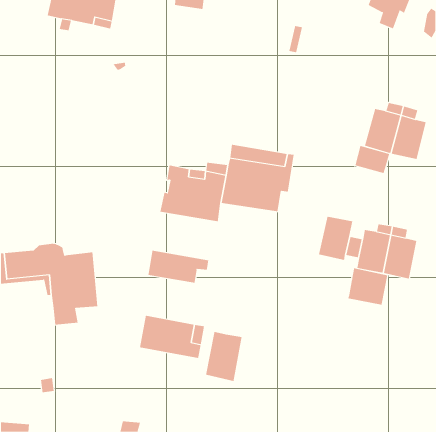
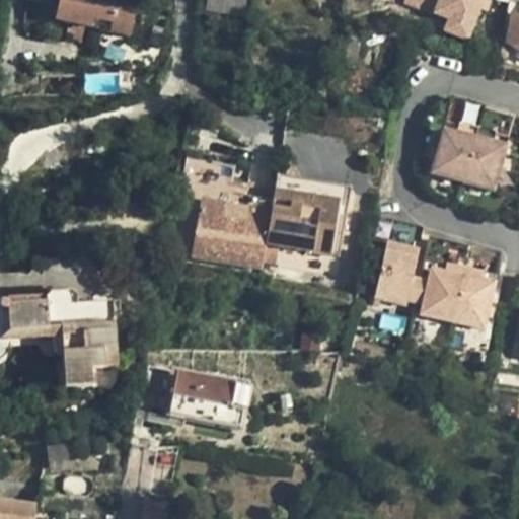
building: [355,145,390,174] -> none
building: [148,250,209,284] -> none
building: [348,267,388,306] -> none
building: [205,331,242,382] -> none

